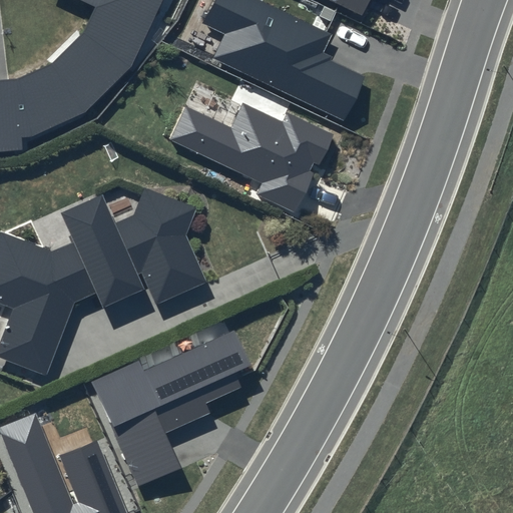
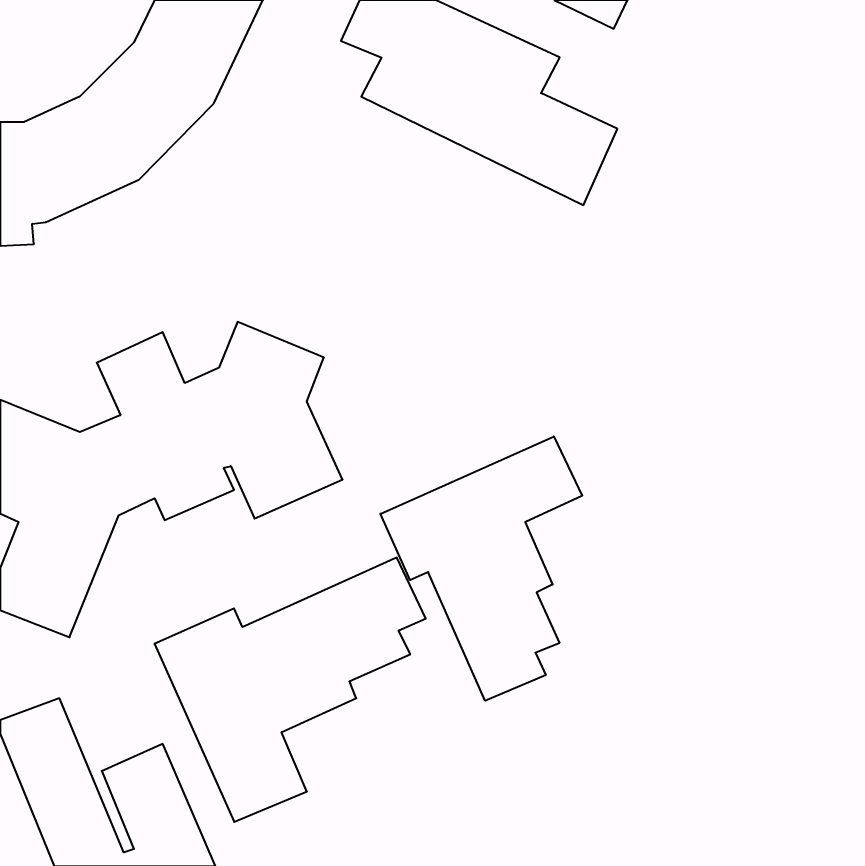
building: [170,103,333,213] -> none
building: none -> [380,436,582,701]

